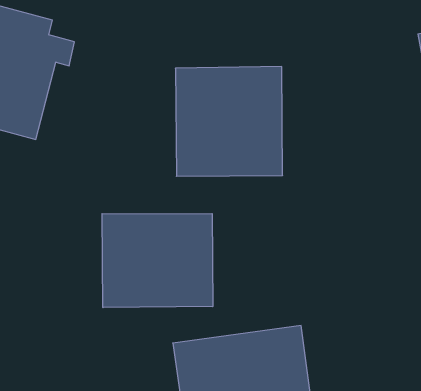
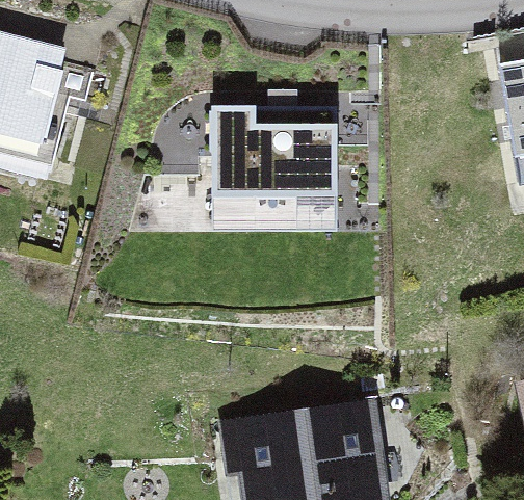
building: [102,214,213,308] -> none

